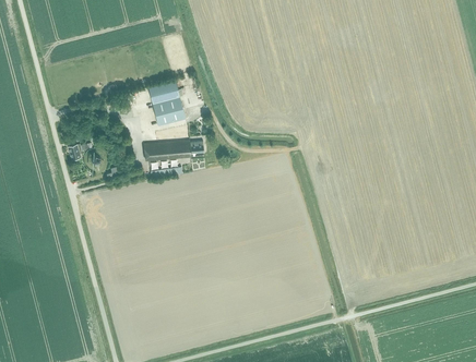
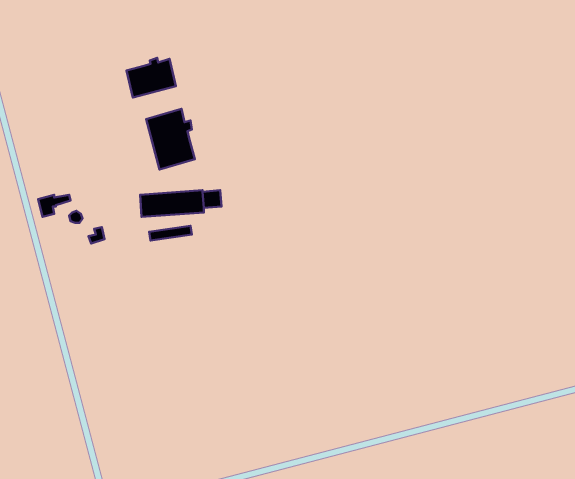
building: none -> [126,58,176,98]

